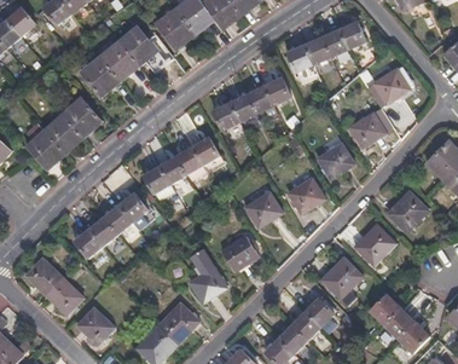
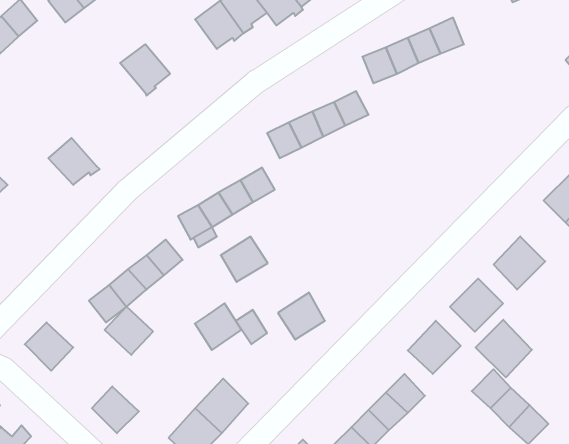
building: [118,27,156,67] -> none
building: [81,57,118,97] -> none
building: [373,68,408,104] -> none
building: [62,99,100,137] -> none
building: [349,112,385,148] -> none
building: [27,123,65,172] -> none
building: [318,144,354,178] -> none
building: [288,178,324,213] -> none
building: [245,191,282,226] -> [221,237,268,282]
building: none -> [476,320,532,377]
building: [190,266,226,302] -> [195,303,242,350]
building: [46,277,83,314] -> [105,307,153,355]

